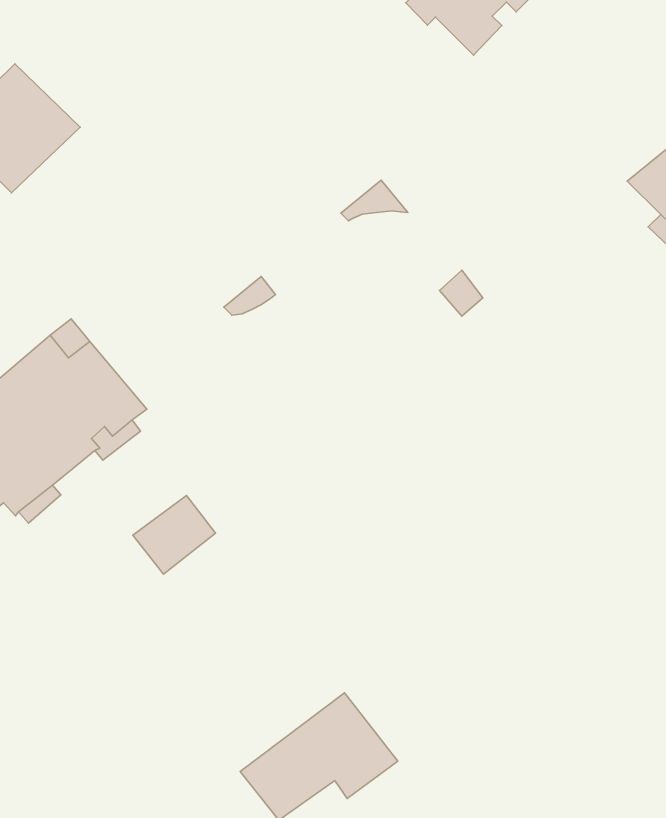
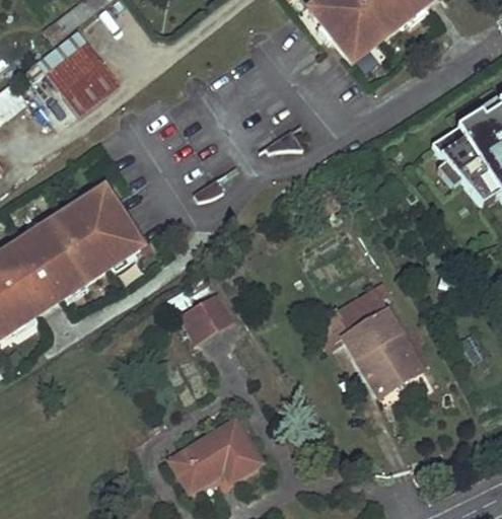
building: none -> [338,288,423,394]
building: [133,496,216,574] -> [184,296,231,340]

